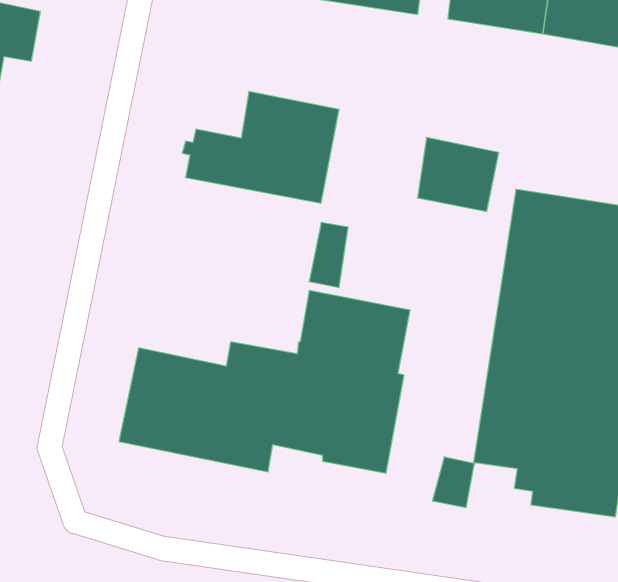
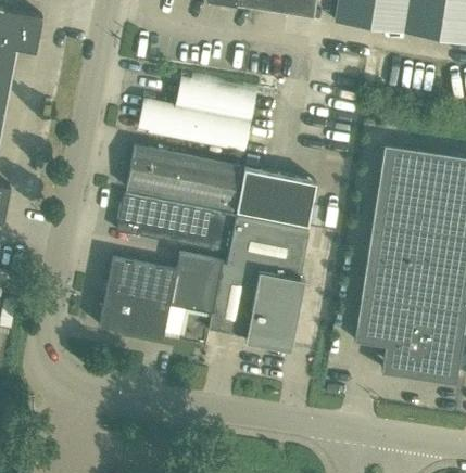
building: [417,137,499,211] -> [257,171,316,225]
building: none -> [126,146,241,209]
building: none -> [117,195,236,254]
building: [433,457,474,508] -> none

